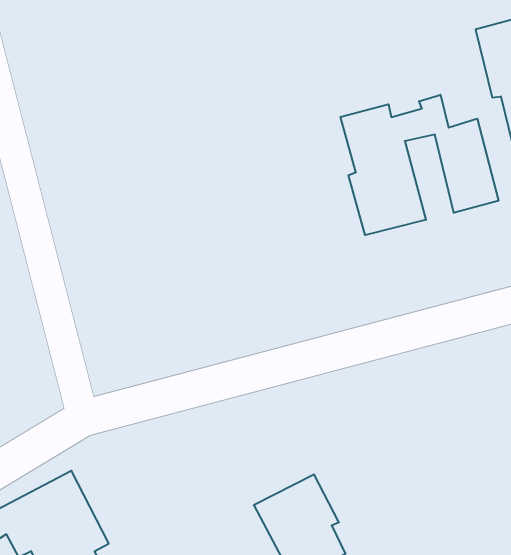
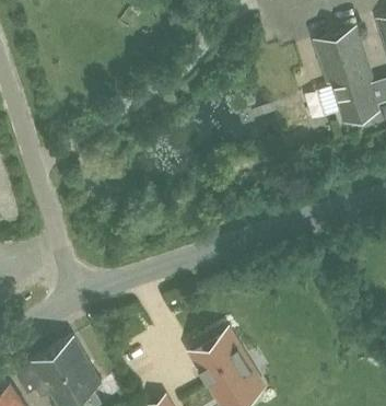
building: [341,95,499,235] -> none

